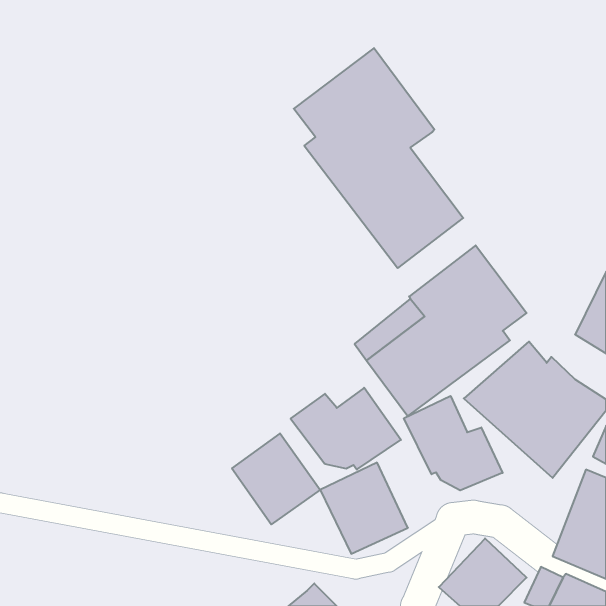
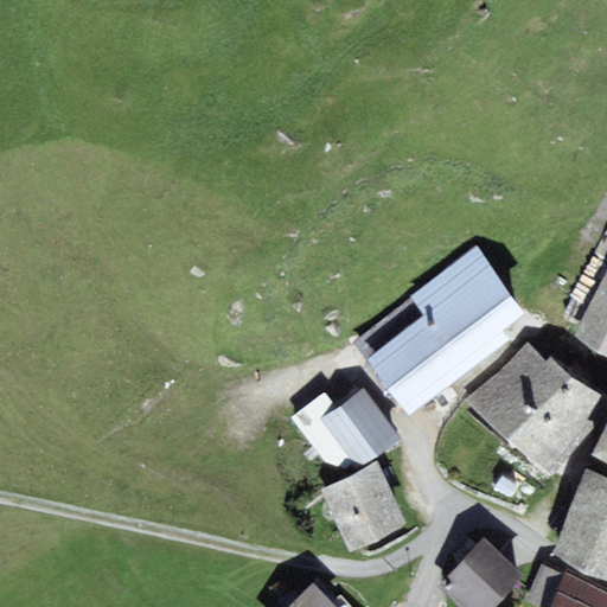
building: [294,48,463,268] -> none
building: [404,396,503,490] -> none
building: [232,433,320,524] -> none

